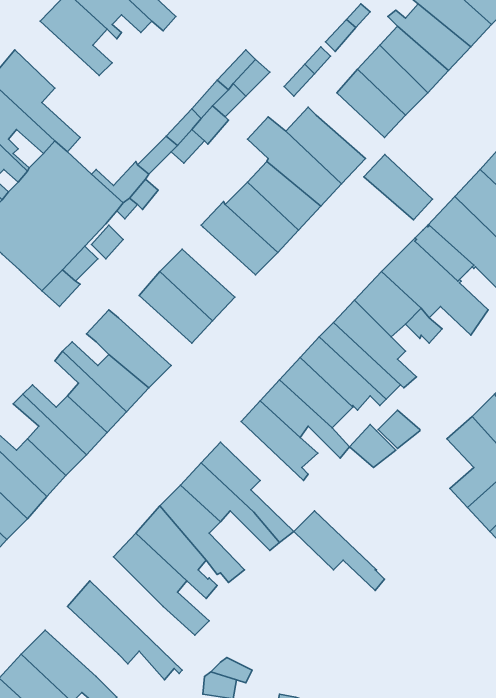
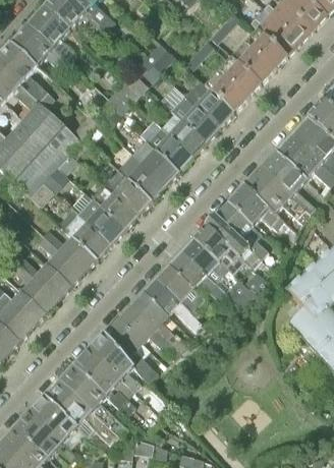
building: none -> [10,24,64,76]
building: [364,154,433,220] -> [203,70,246,112]
building: none -> [117,156,164,200]
building: none -> [76,199,123,244]
building: [294,511,385,590] -> [142,280,200,331]
building: none -> [58,366,127,438]
building: none -> [30,398,76,443]

